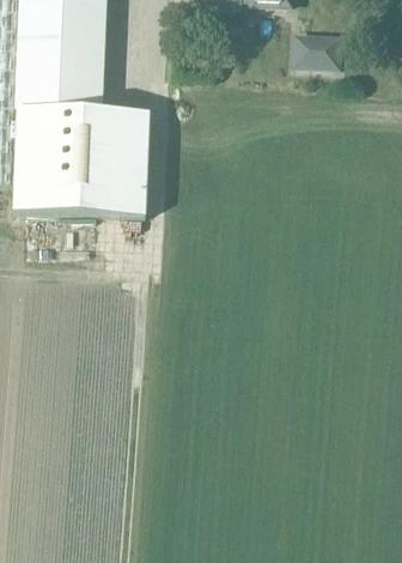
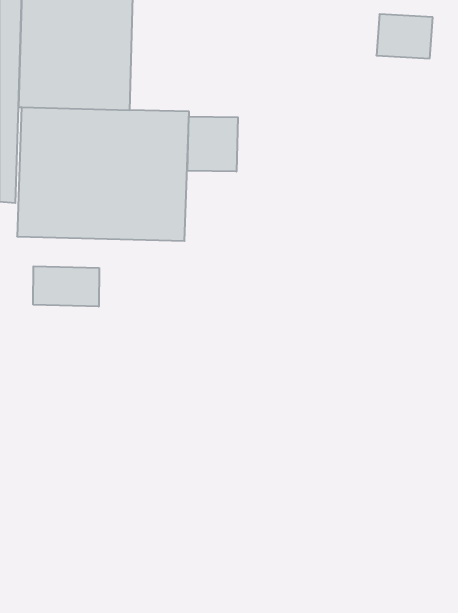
building: none -> [187,117,238,172]
building: none -> [33,266,99,307]

